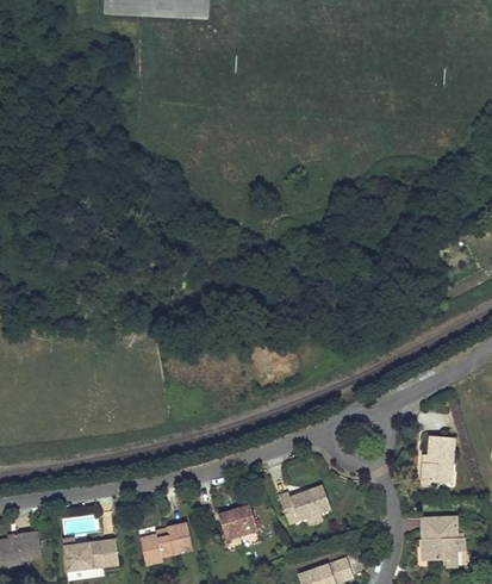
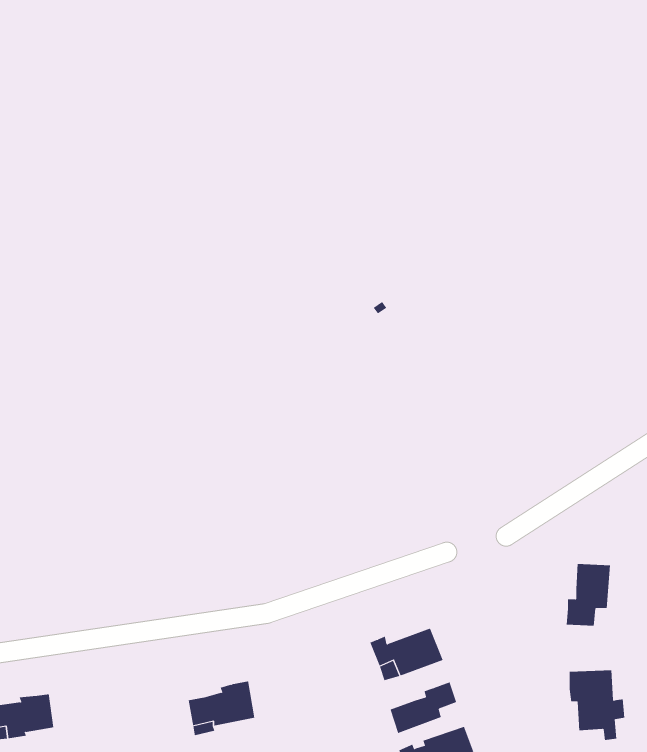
building: [217,504,256,540] -> none
building: none -> [390,681,457,734]
building: [74,536,117,569] -> none

